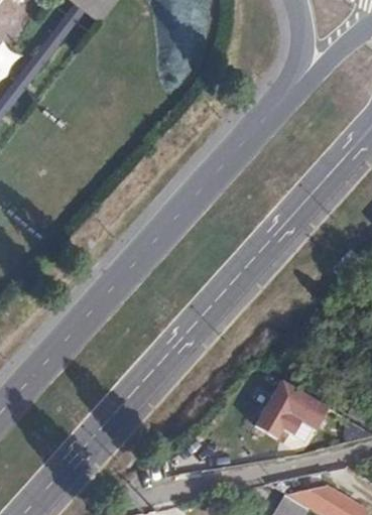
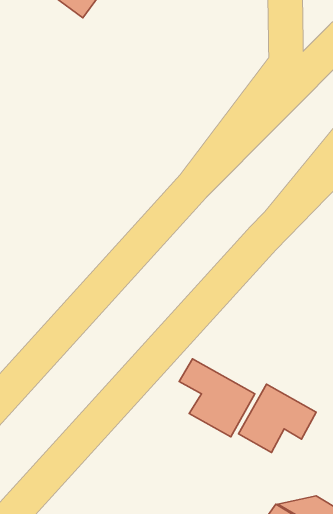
building: none -> [179,359,255,437]

